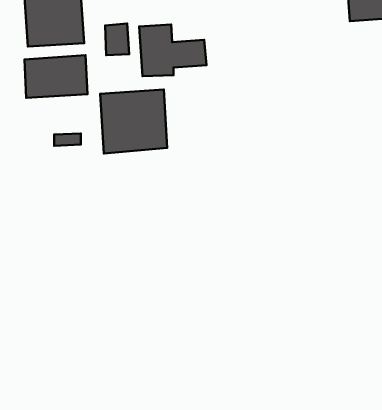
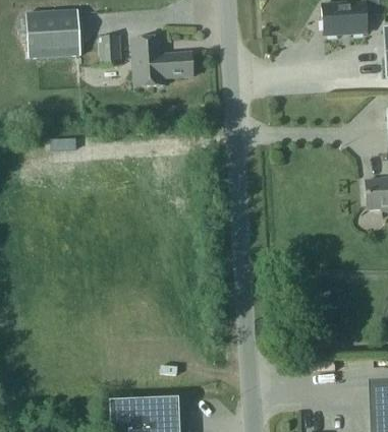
building: [24,55,87,98] -> none
building: [100,90,167,154] -> none

